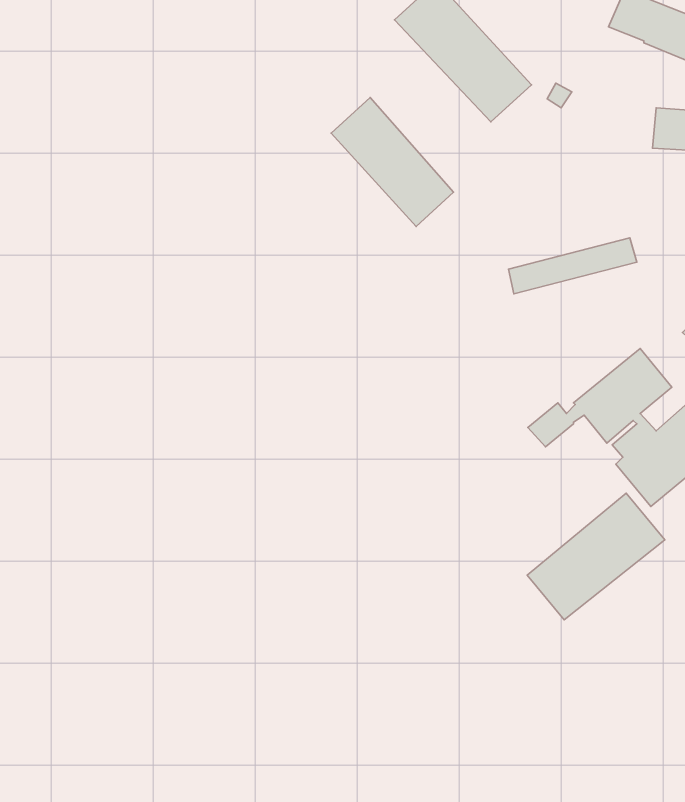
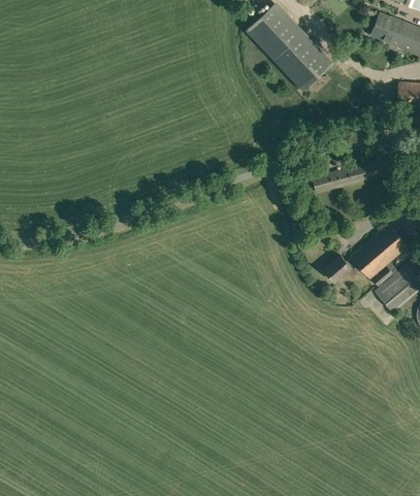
building: [331,98,454,226] -> none
building: [527,493,665,620] -> none

